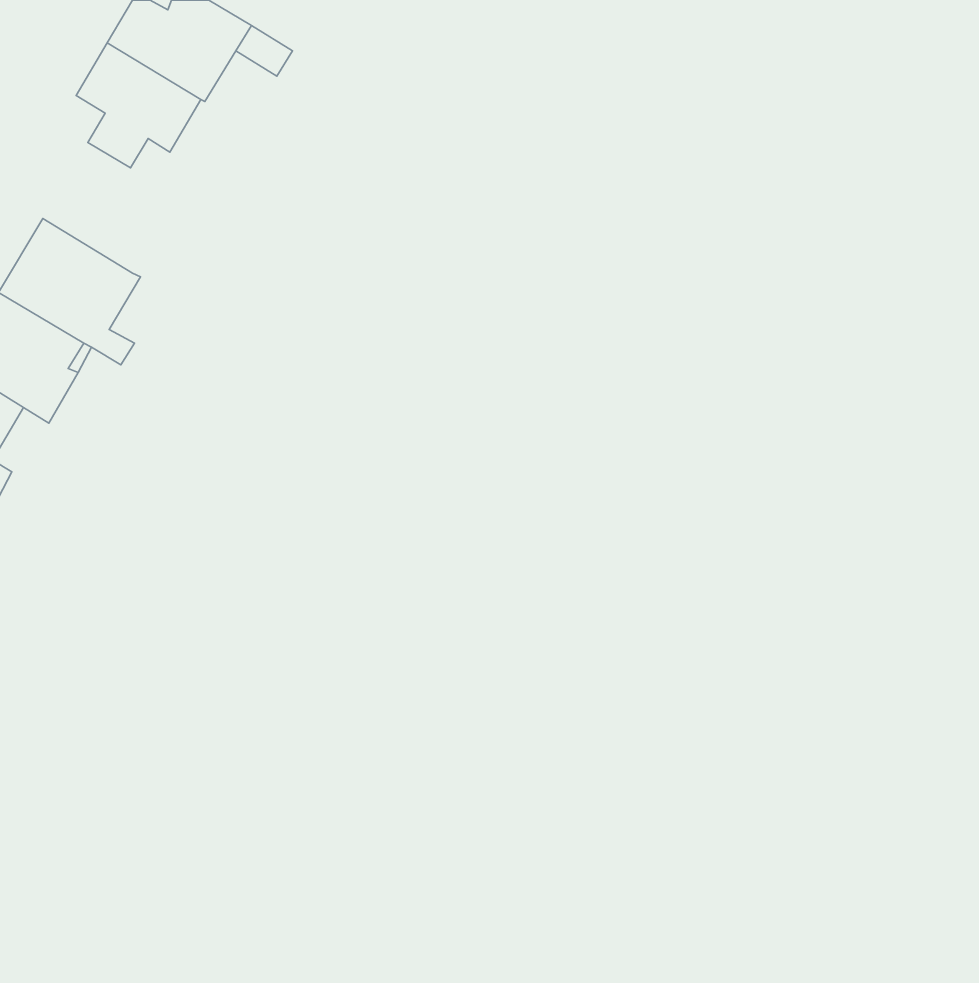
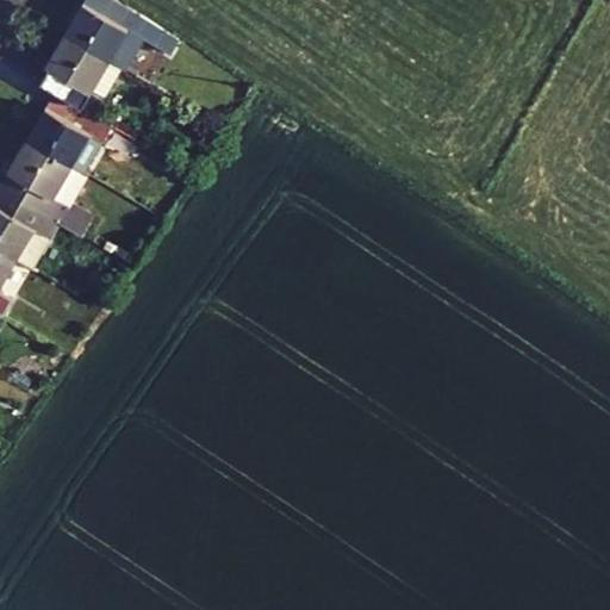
building: none -> [26,95,108,175]

